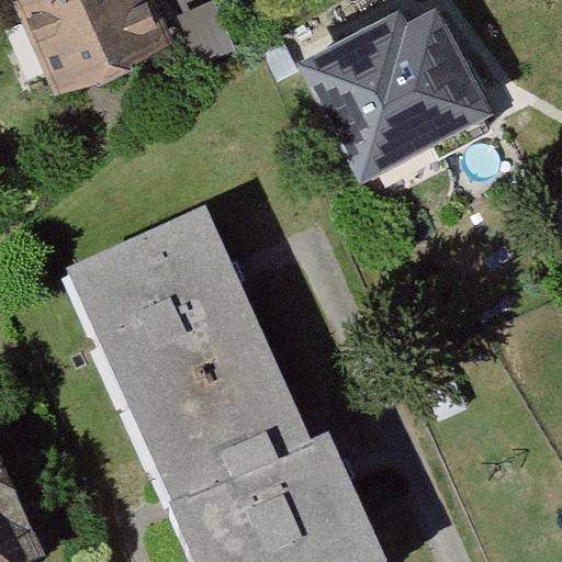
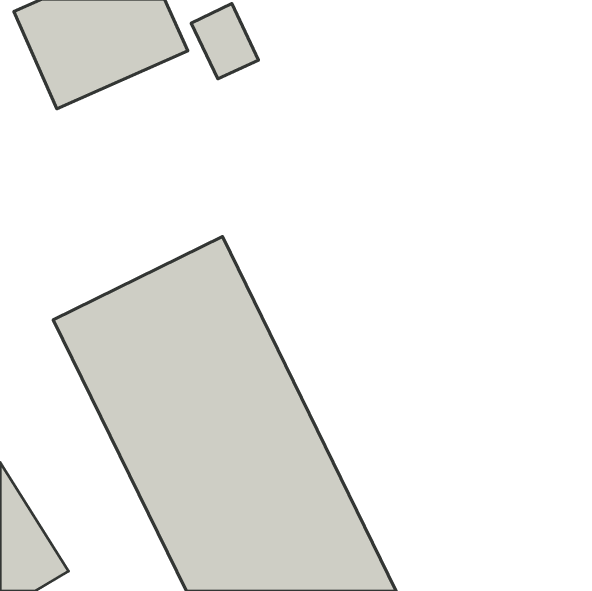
building: [310,7,502,173] -> none

